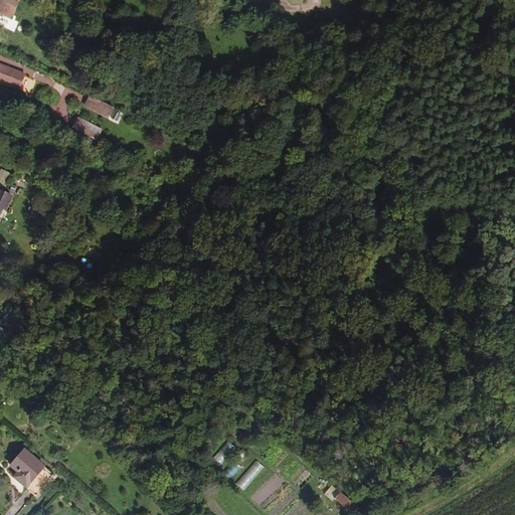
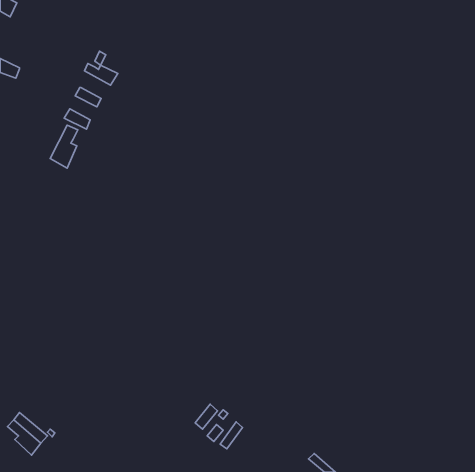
building: none -> [84,63,118,85]
building: none -> [50,125,78,168]

